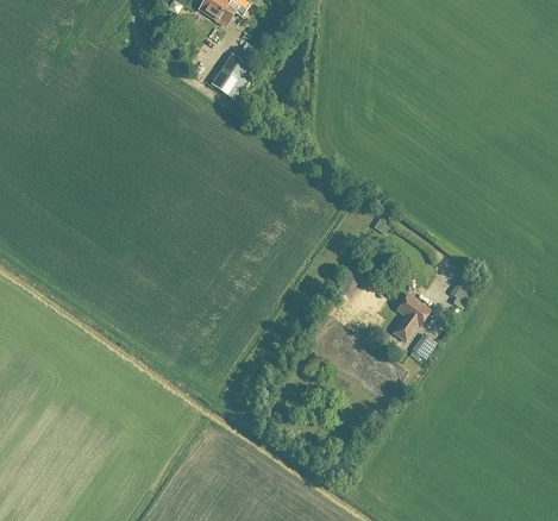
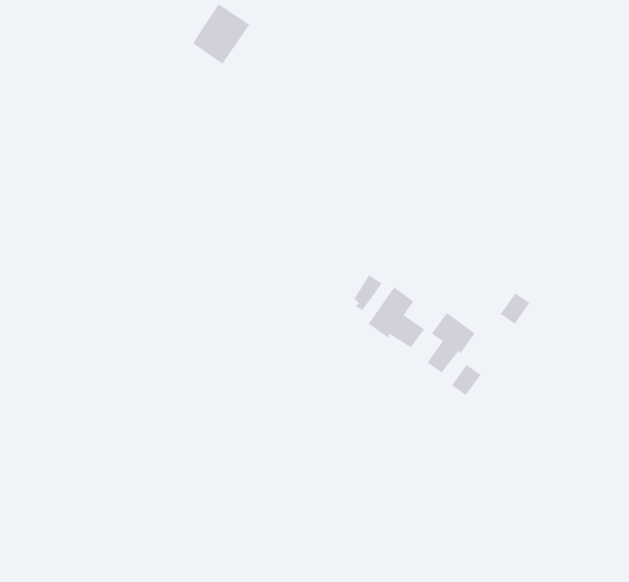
building: none -> [368,287,425,348]

